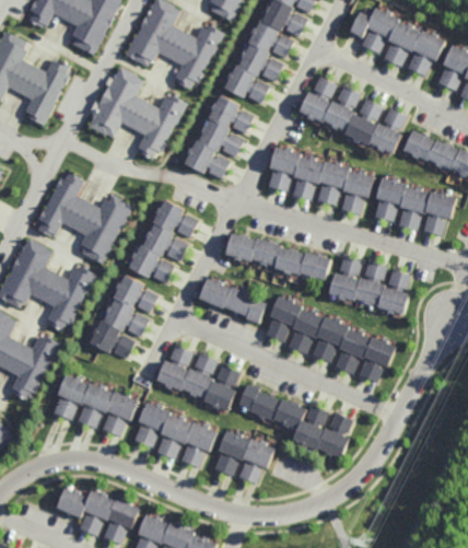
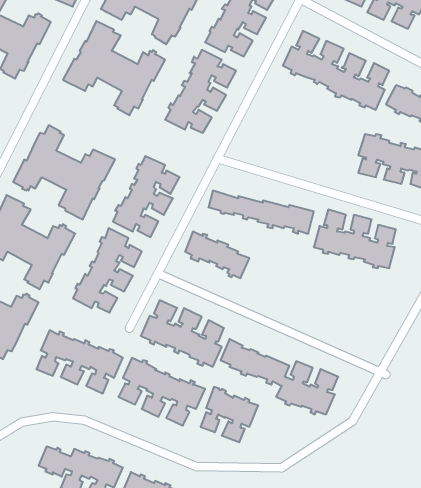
building: [267,148,371,215] -> none
building: [266,294,396,381] -> none

